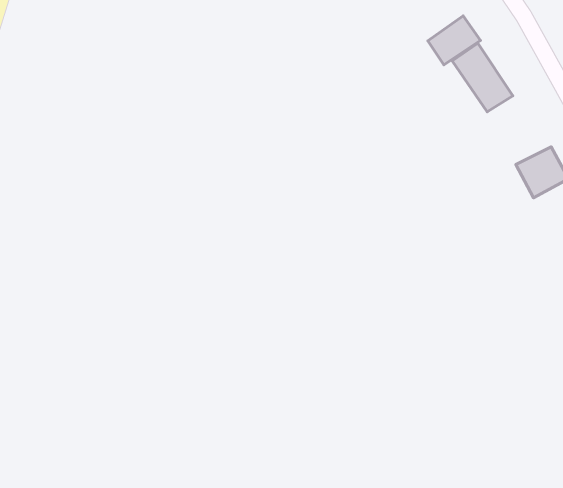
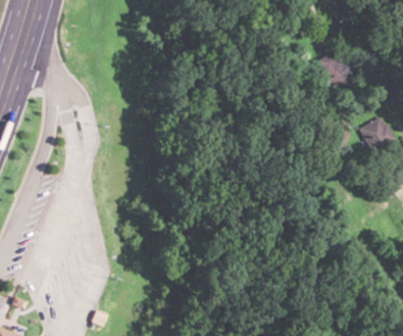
building: [428,16,481,65] -> none

